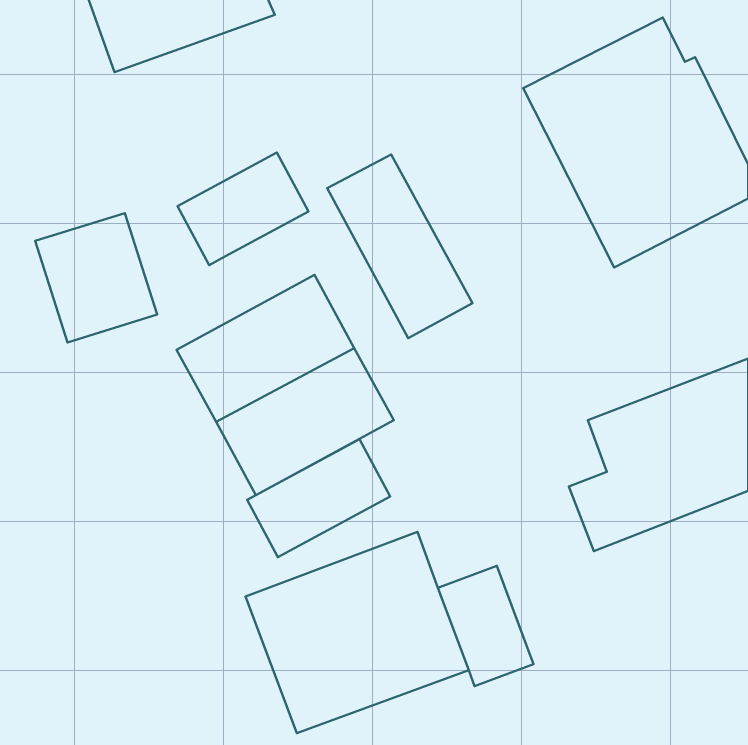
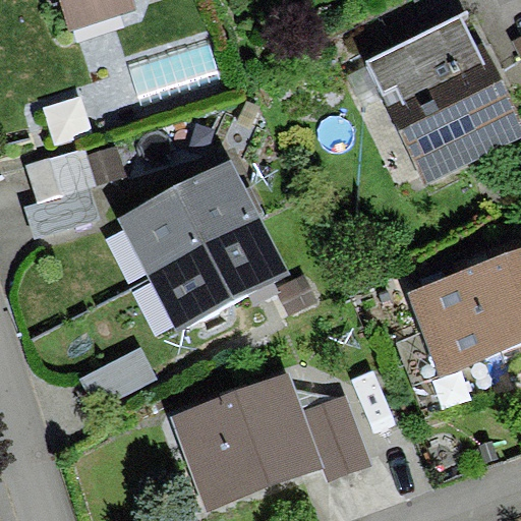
building: [178,152,309,265] -> none
building: [327,154,473,338] -> none
building: [247,439,390,557] -> none

